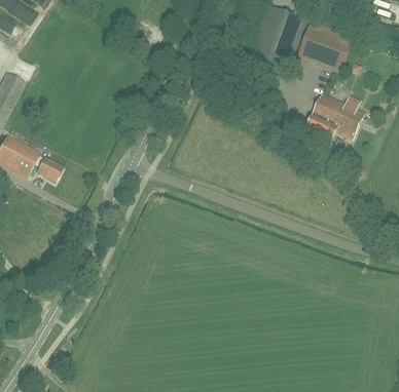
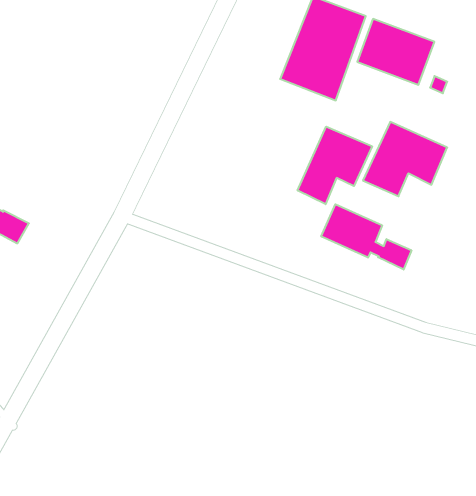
building: none -> [298,127,372,204]
building: none -> [321,204,411,270]

